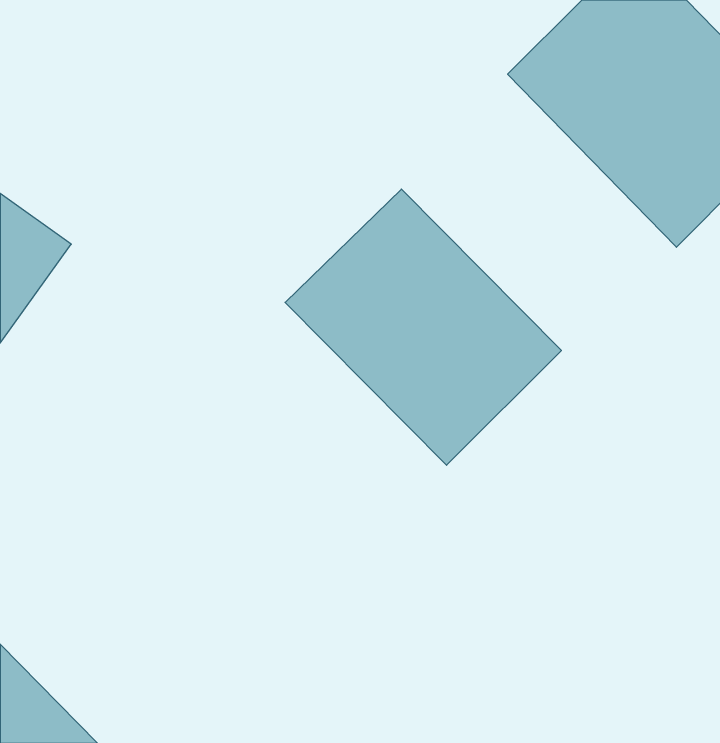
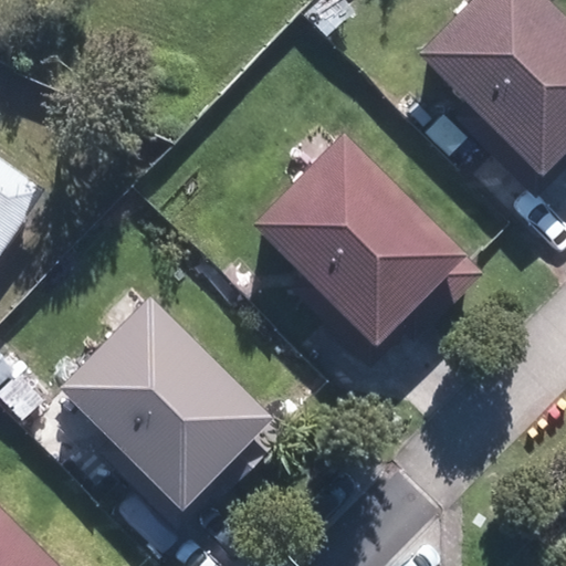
building: none -> [85,286,294,495]

